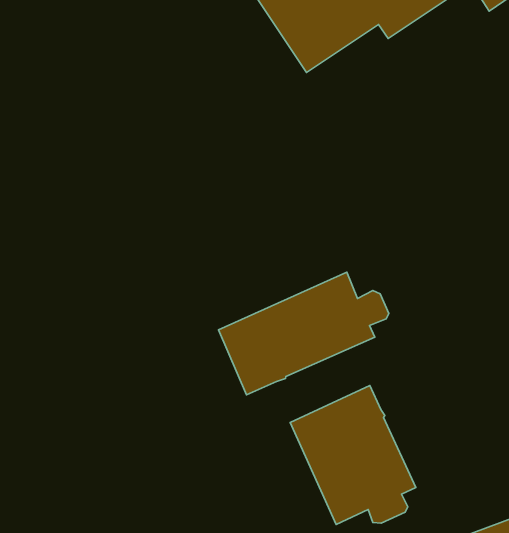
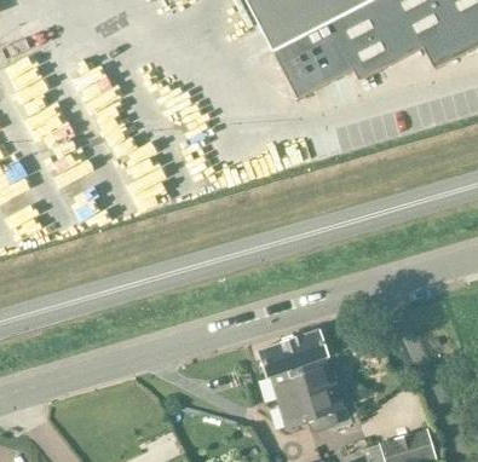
building: [218,272,389,395] -> none

